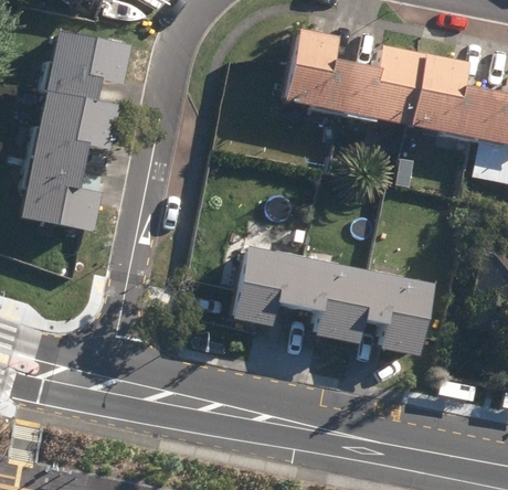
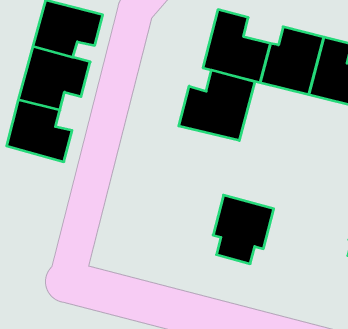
building: none -> [179,70,255,141]
building: [221,243,309,324] -> none
building: [363,271,424,354] -> none

